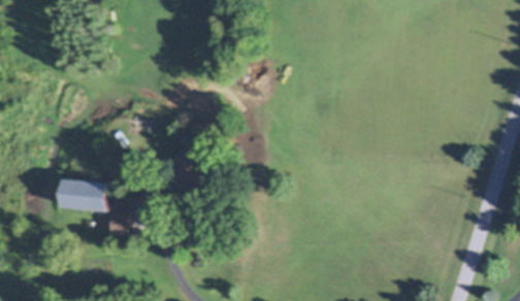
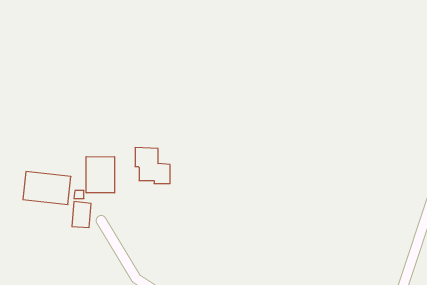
building: none -> [86,157,115,193]

